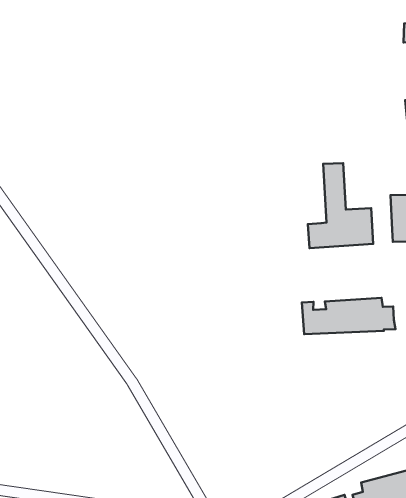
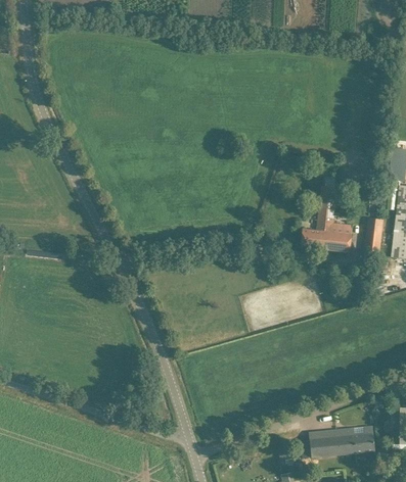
building: [302,298,395,334] -> none

